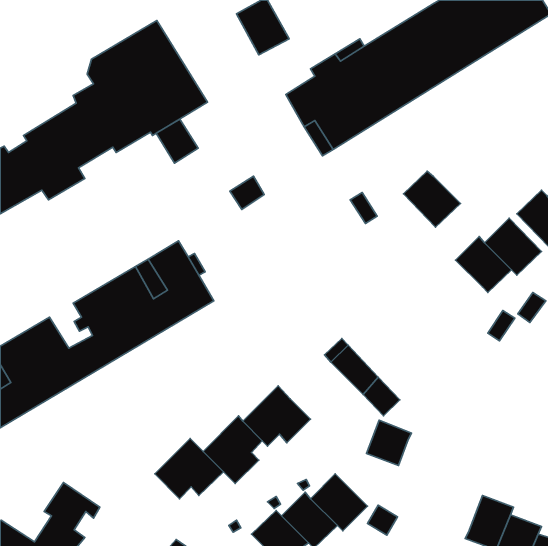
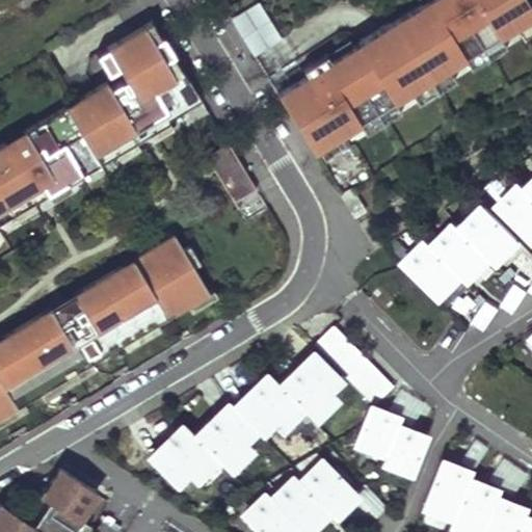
building: [156,119,198,163] -> [206,145,246,188]
building: [403,171,460,227] -> [413,249,468,303]
building: none -> [282,355,340,421]
building: none -> [383,428,426,473]
building: none -> [424,463,470,517]

